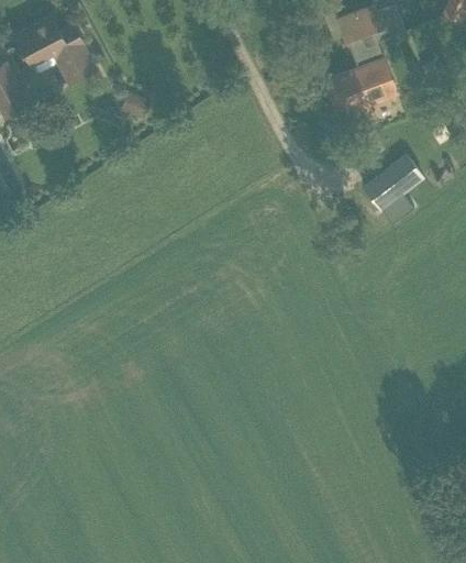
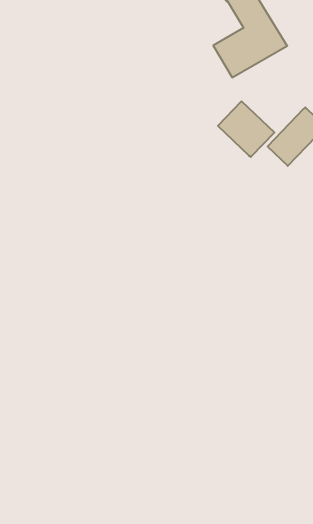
building: none -> [218,101,274,157]

